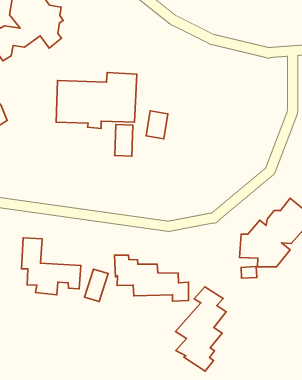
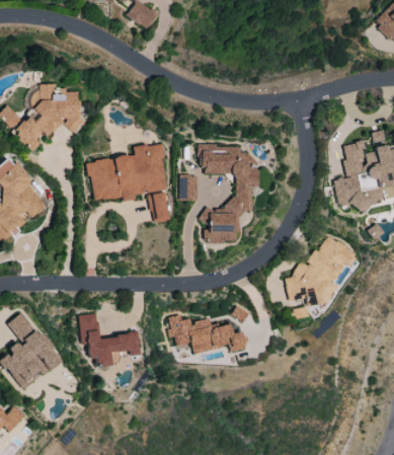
building: none -> [201,145,257,243]
building: [85,269,108,301] -> none
building: [176,287,226,371] -> none

